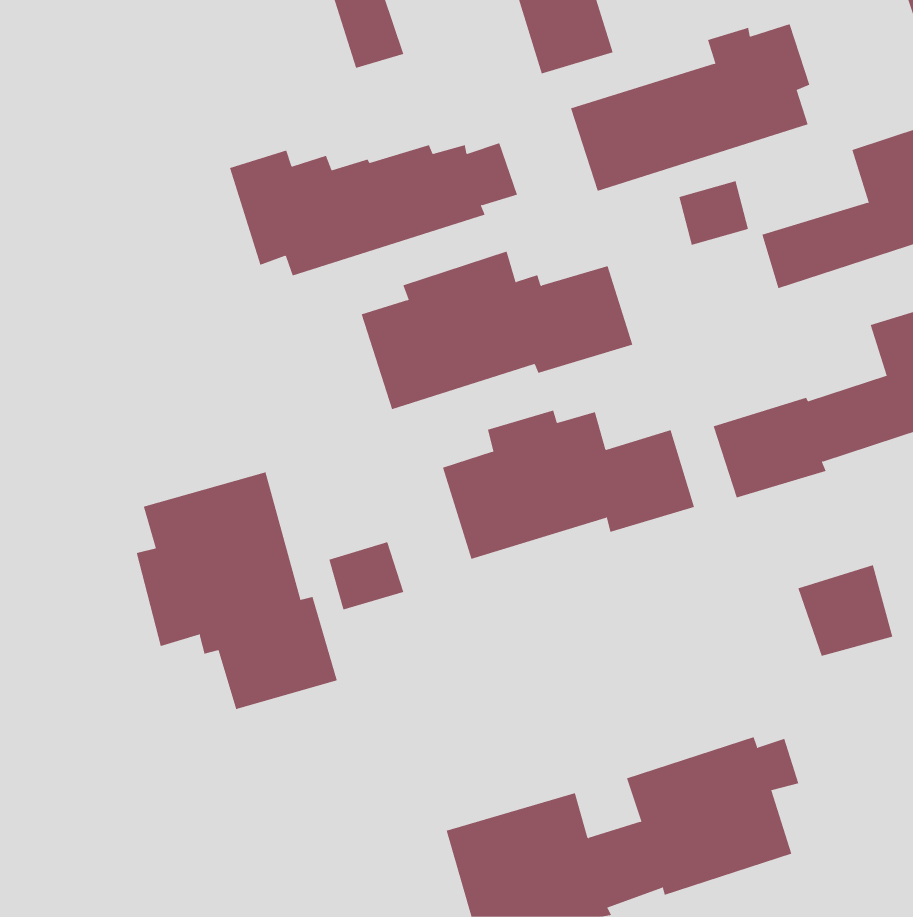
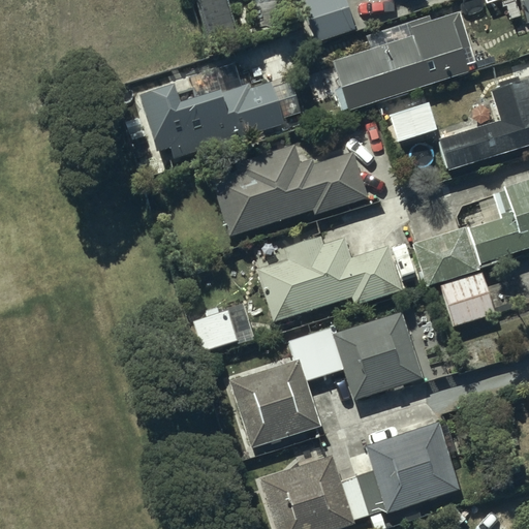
building: [136,472,338,710] -> none
building: none -> [231,312,423,446]
building: [798,565,893,657] -> [441,272,496,324]

